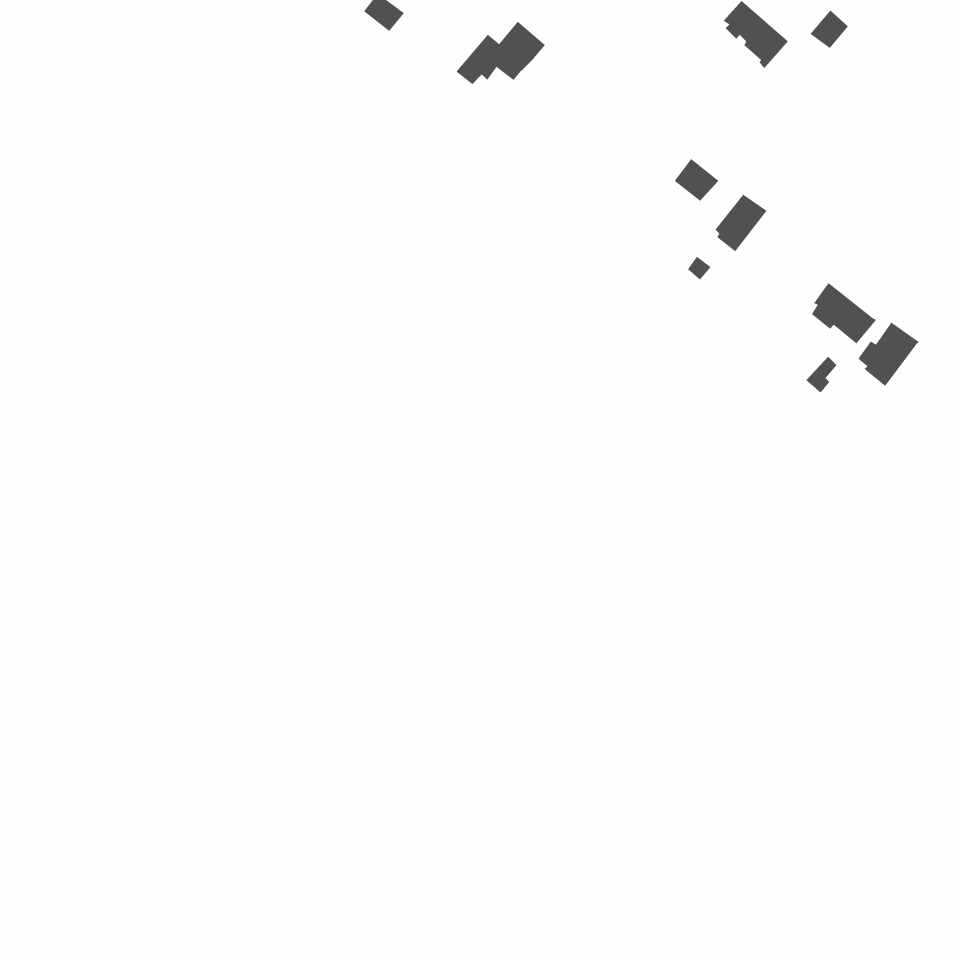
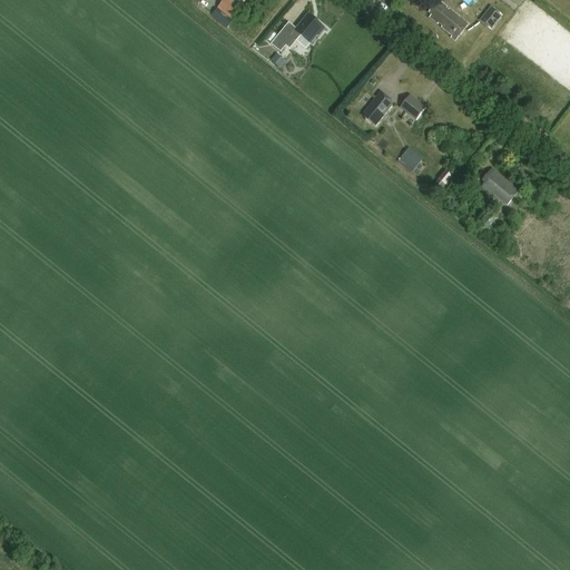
building: [715,194,767,252] -> [362,90,393,125]
building: [858,322,920,387] -> none

